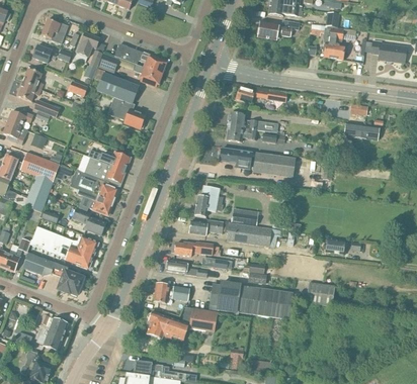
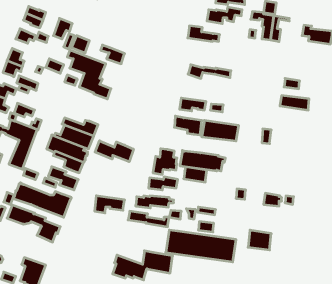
building: [114,43,166,74] -> none
building: [228,112,265,130] -> [188,26,220,41]
building: none -> [95,141,133,162]
building: [226,222,279,247] -> [180,150,225,171]
building: [154,283,189,303] -> [95,196,125,213]

